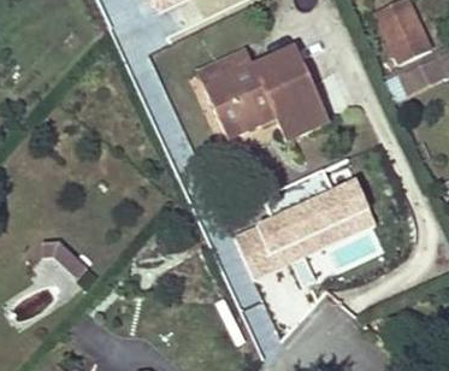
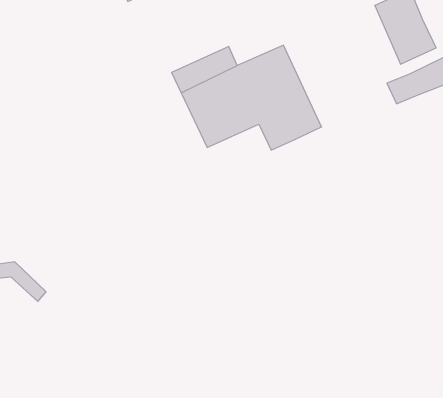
building: [235,179,378,281] -> none

